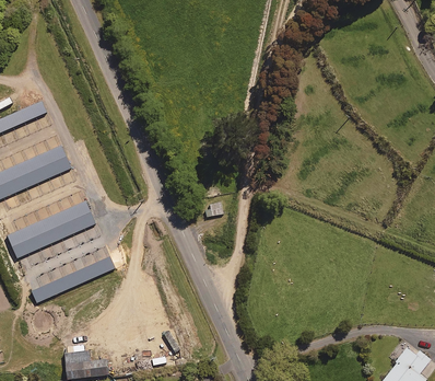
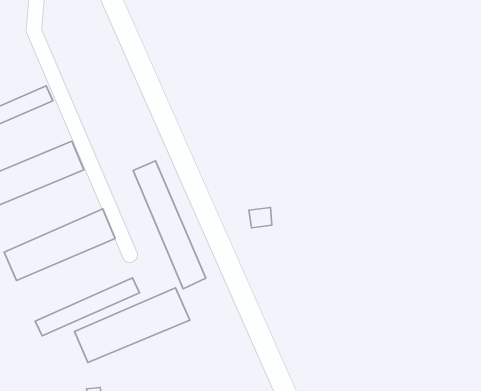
building: none -> [133,161,206,289]
building: none -> [75,288,190,363]

